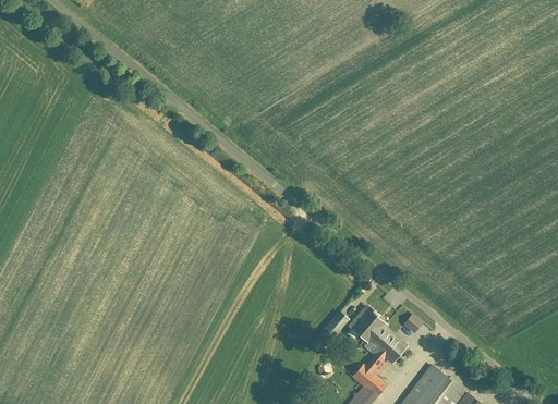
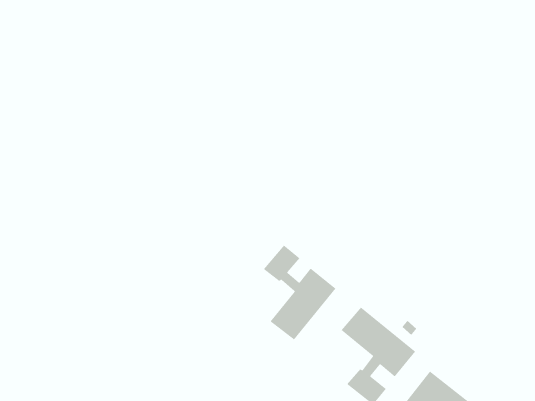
building: none -> [263,244,336,340]

